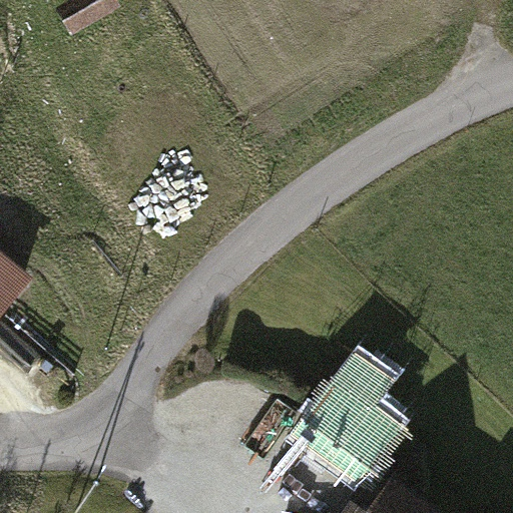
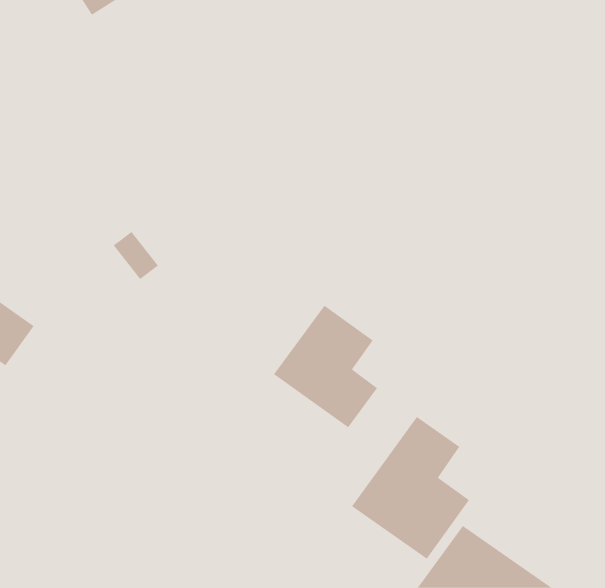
building: none -> [273,305,378,428]

